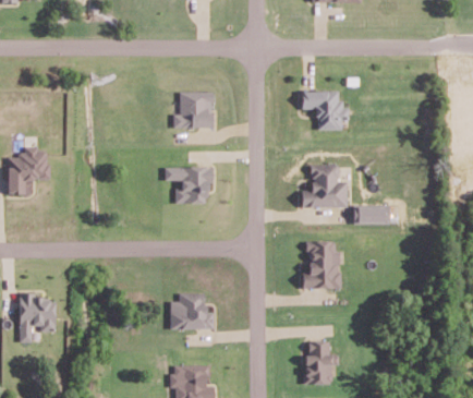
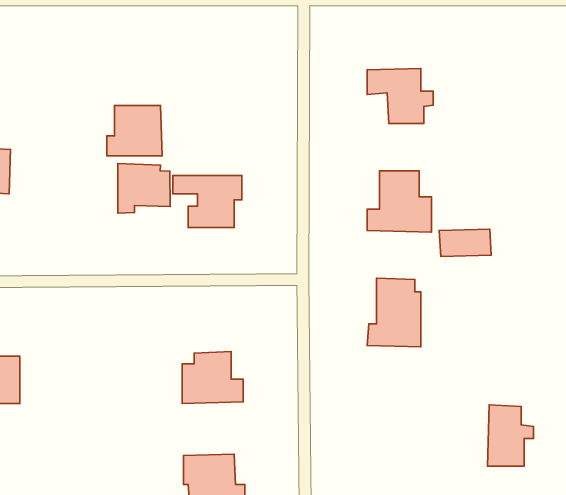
building: [173,92,213,128] -> [107,105,162,156]
building: none -> [118,164,170,213]
building: [305,340,338,384] -> [488,405,533,466]

